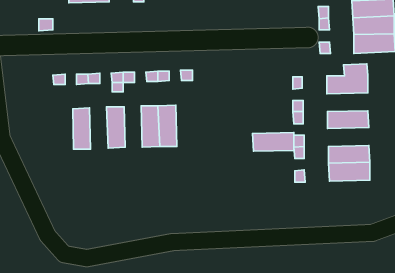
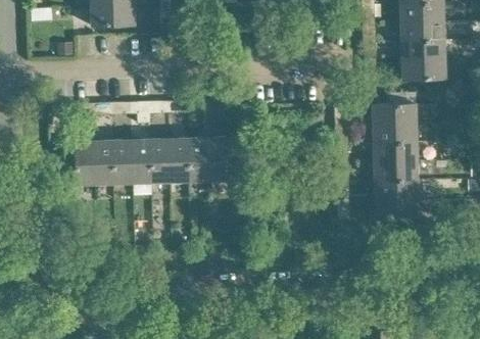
building: none -> [372,123,417,143]
building: none -> [207,136,228,181]
building: none -> [151,137,171,182]
building: none -> [113,138,134,184]
building: none -> [75,140,96,185]
building: [253,133,294,151] -> [373,160,418,181]

